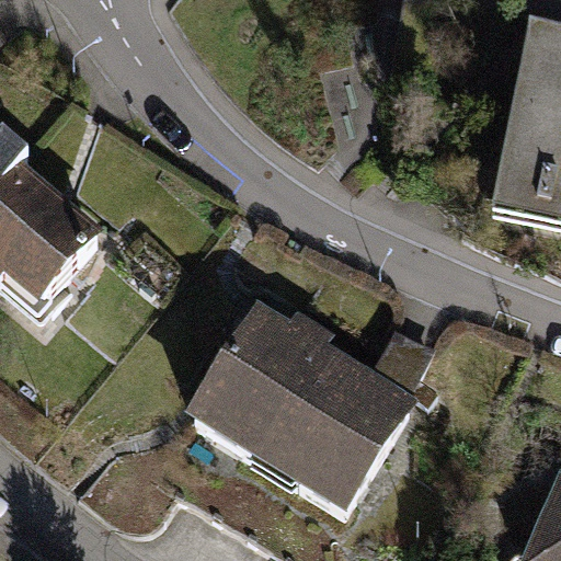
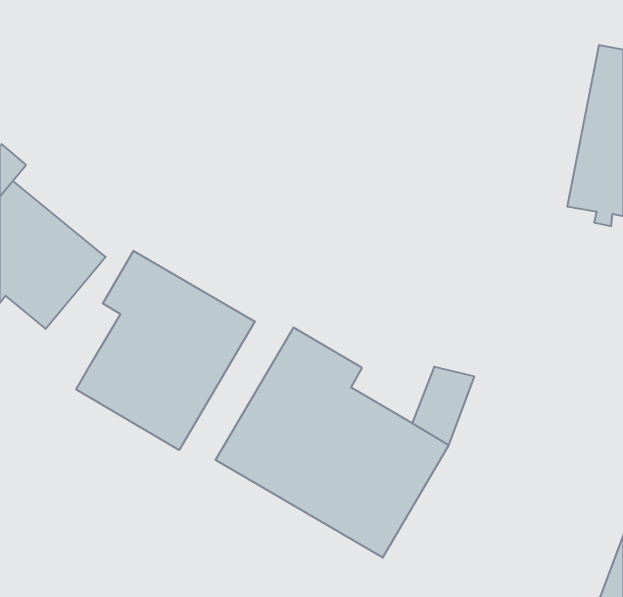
building: none -> [76,251,255,450]

